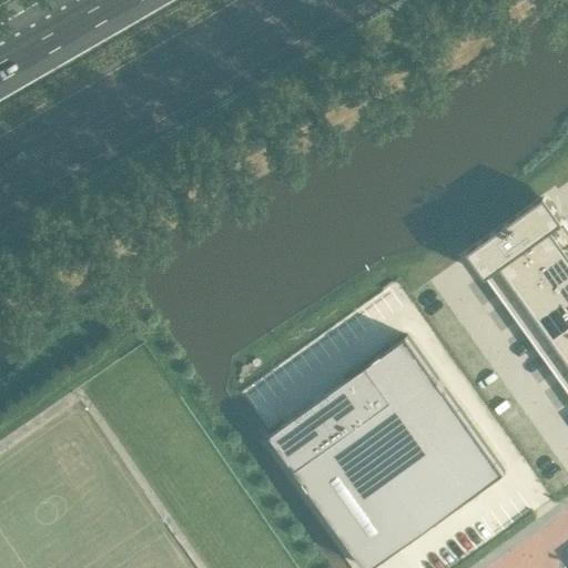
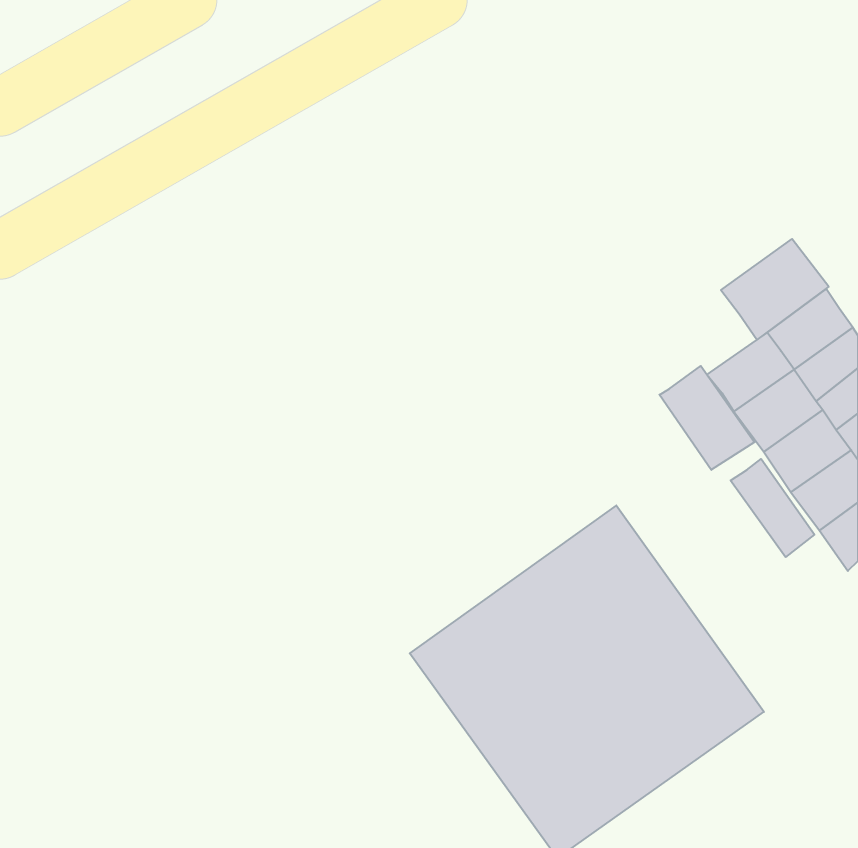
building: none -> [721,239,829,340]
building: none -> [659,366,755,470]
building: none -> [731,459,814,557]

